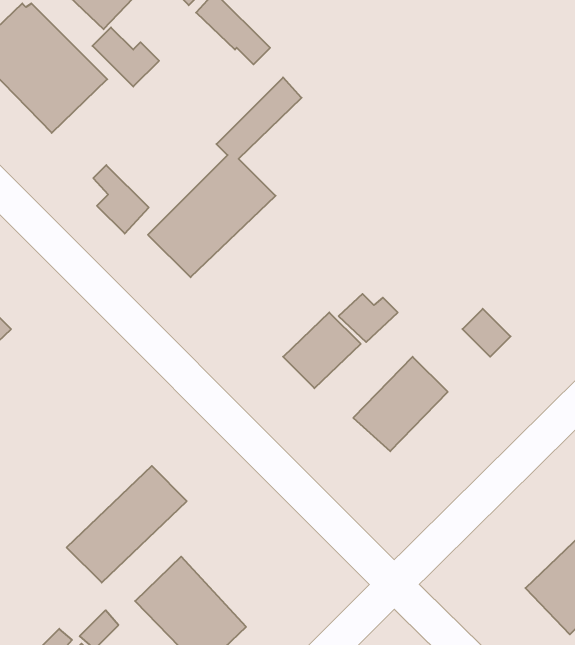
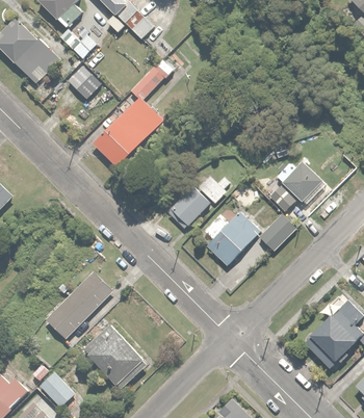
building: [93,165,149,234] -> [68,59,99,98]
building: none -> [277,162,326,204]
building: none -> [261,215,295,250]

